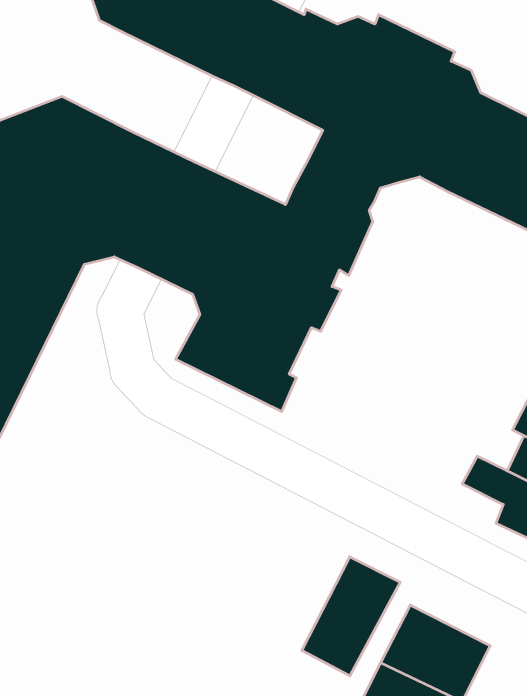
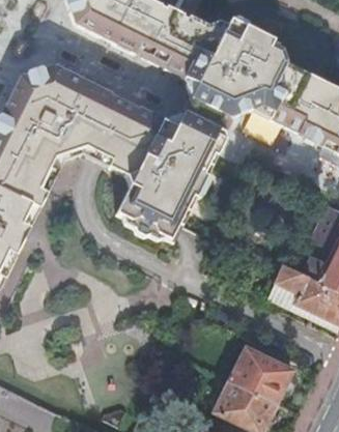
building: [302,557,400,676] -> none

